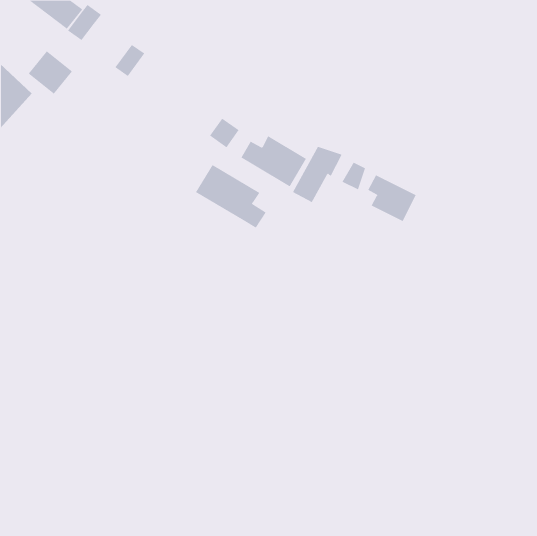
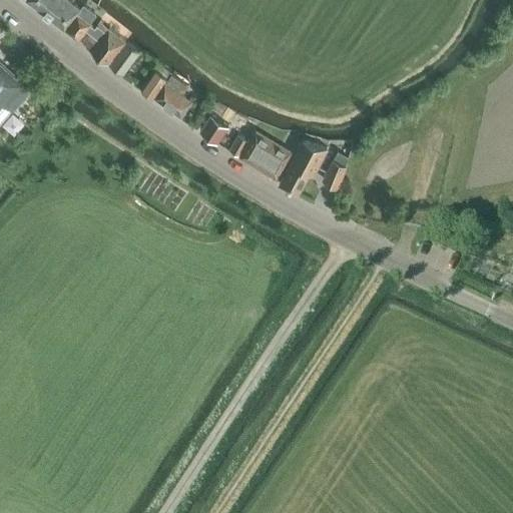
building: [28,50,73,95] -> [82,21,125,63]
building: none -> [140,65,192,117]
building: [195,164,266,229] -> none
building: [367,175,416,222] -> none

